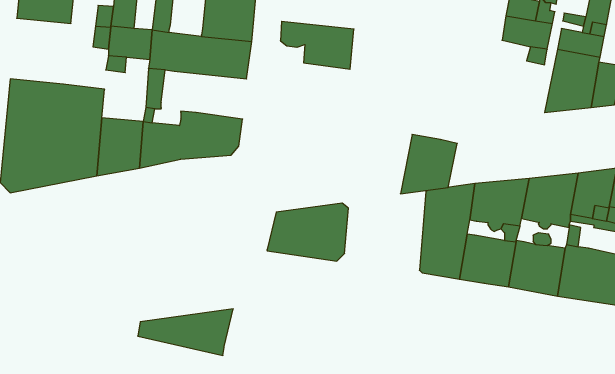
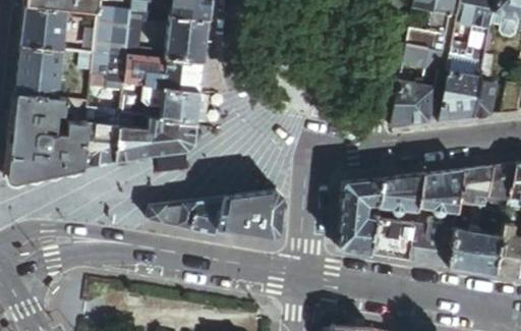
building: none -> [15,47,65,99]
building: [280,21,354,69] -> [143,89,201,126]
building: [400,134,457,194] -> [391,81,436,128]
building: [138,309,233,355] -> [150,200,225,236]

